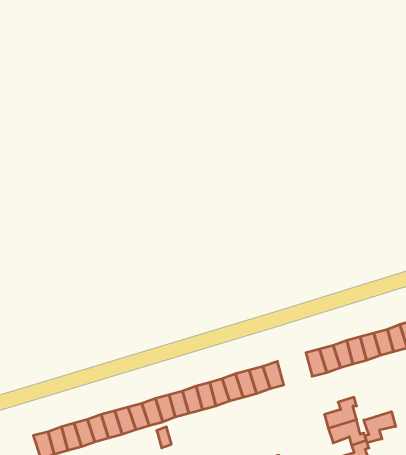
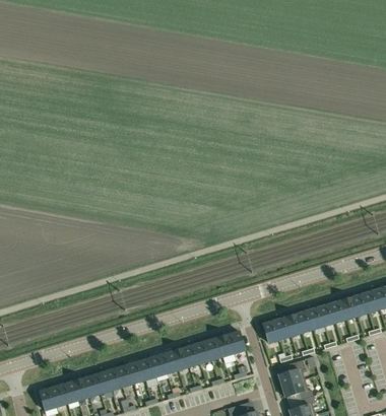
building: [364,412,396,443] -> none

